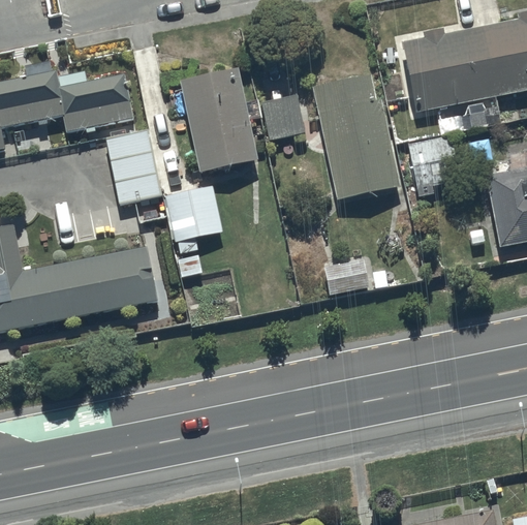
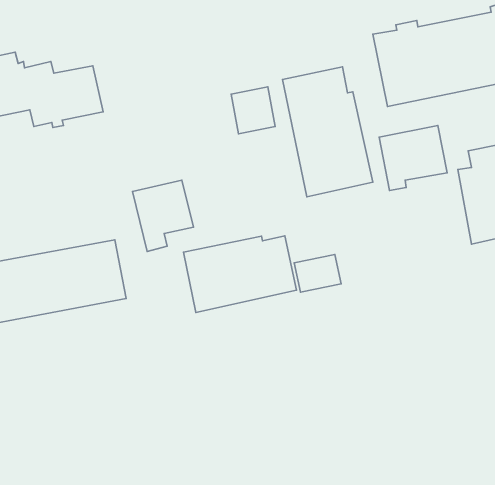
building: [180,69,257,174] -> none
building: [104,127,161,205] -> none
building: none -> [184,236,297,313]

